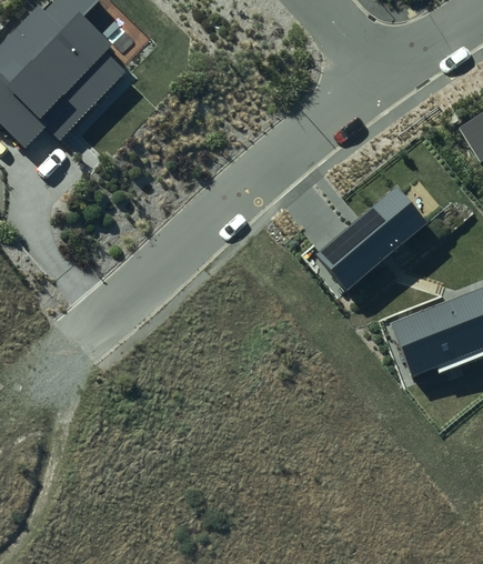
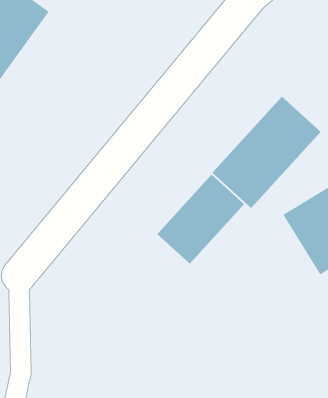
building: none -> [156,174,245,265]

